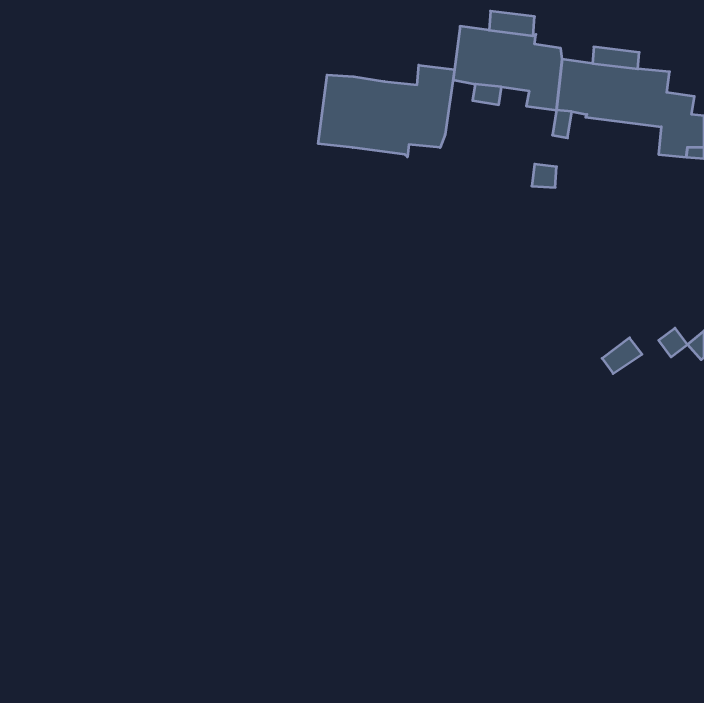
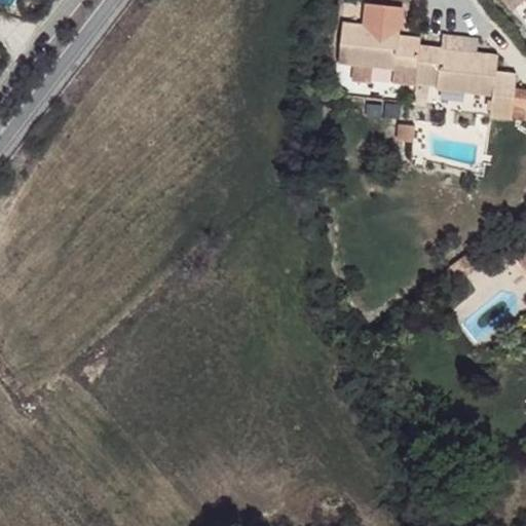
building: [318,65,455,157] -> none

